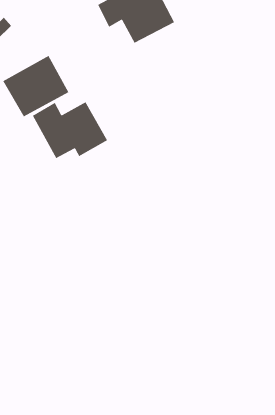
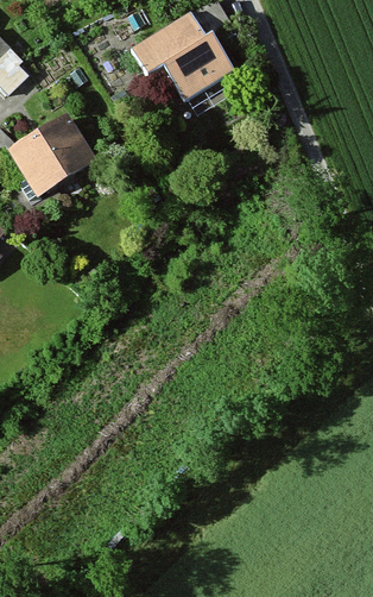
building: [32,101,108,159] -> none

